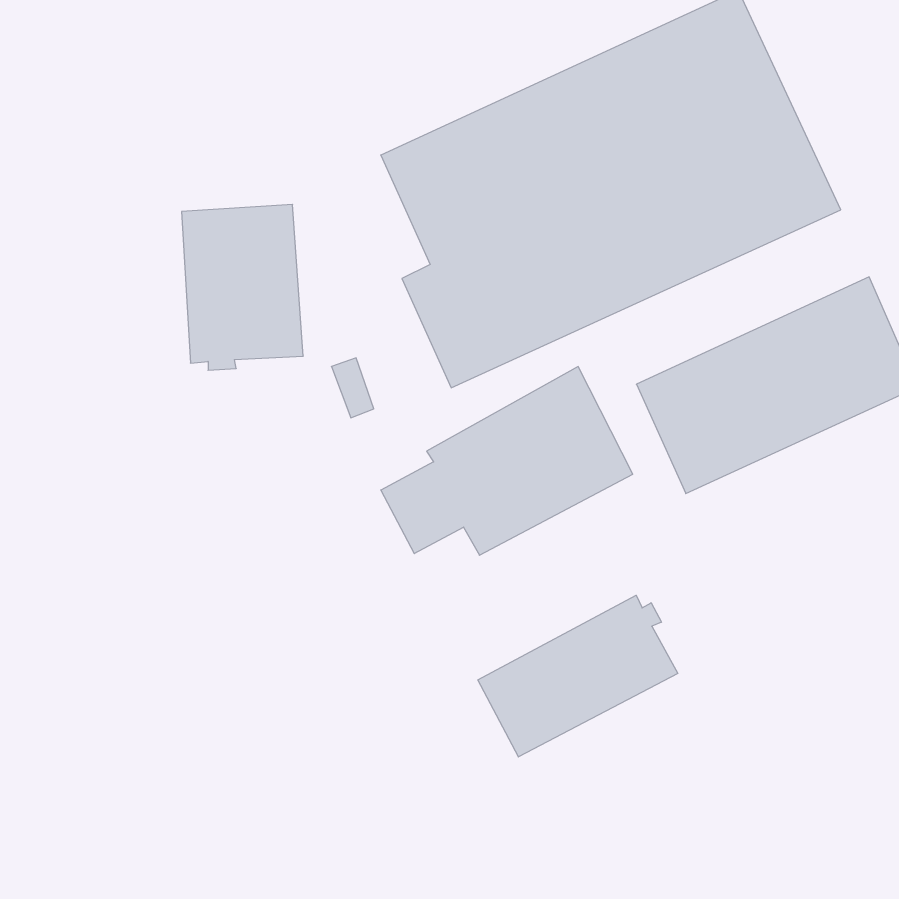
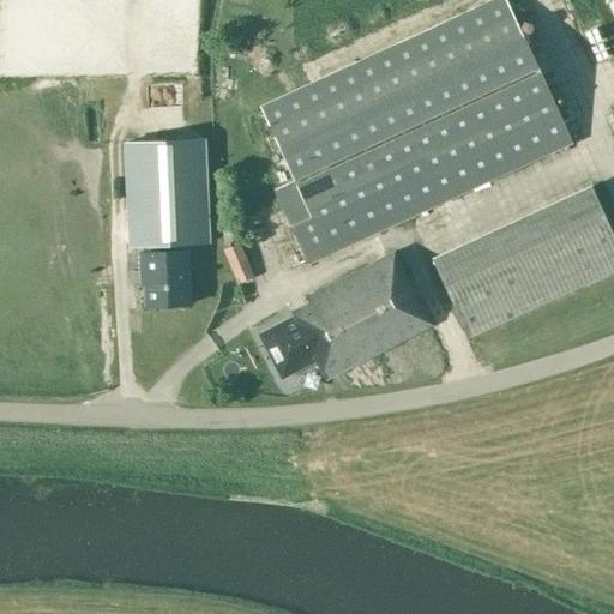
building: none -> [142,249,192,306]
building: [478,595,678,757] -> none

